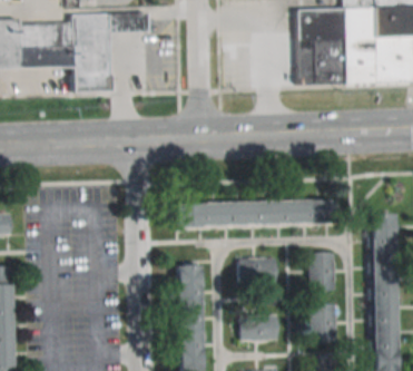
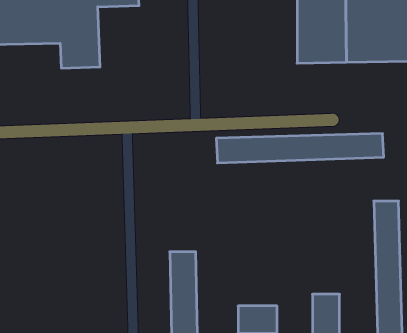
building: [177,199,335,227] -> [216,134,384,163]
building: [311,252,335,291] -> none
building: [239,256,277,282] -> none

